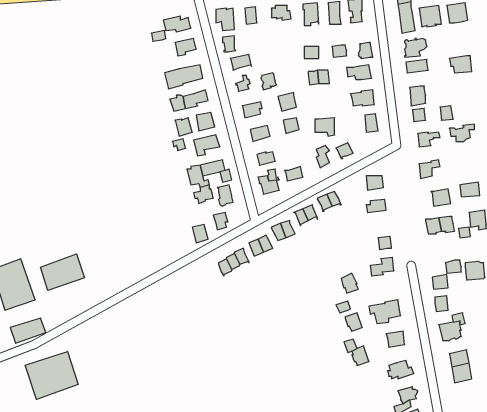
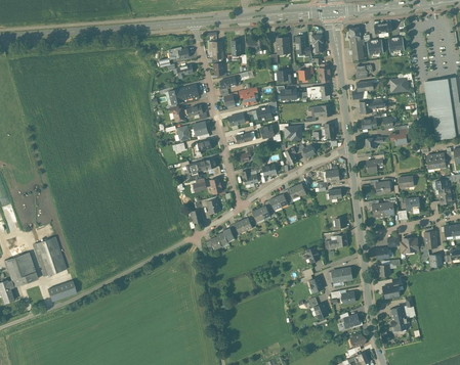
building: [40,254,85,290] -> none
building: [25,351,78,399] -> none

